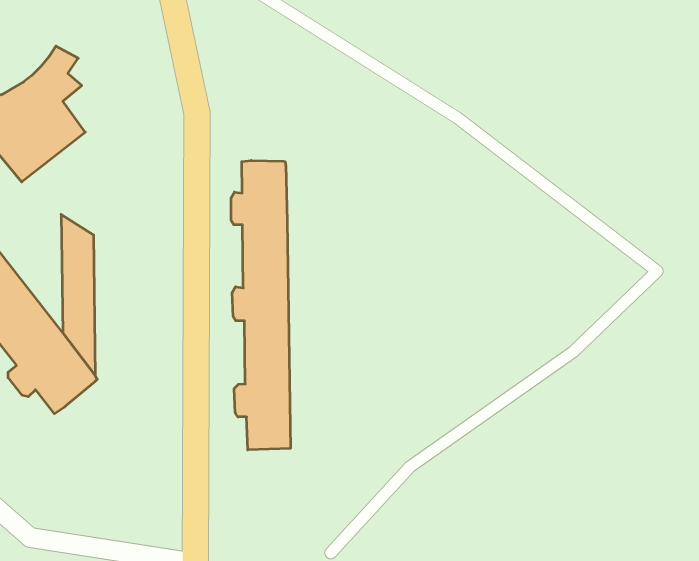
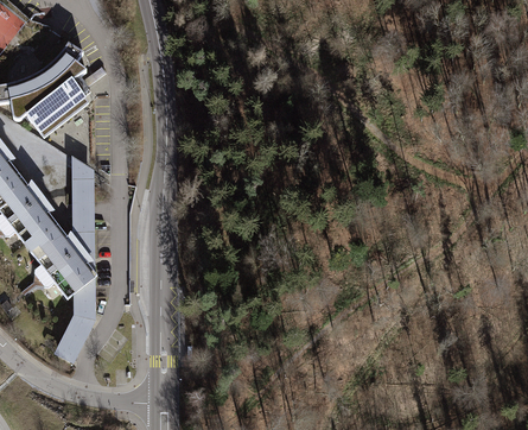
building: [231,160,290,450] -> none
building: none -> [53,273,96,360]

